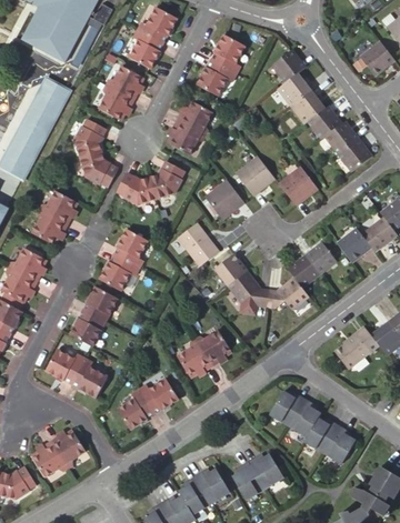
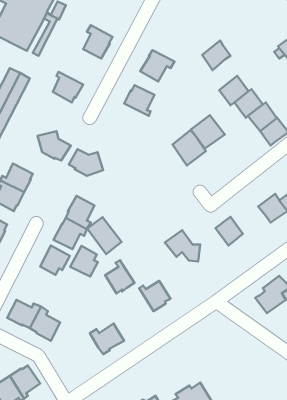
building: [141,8,181,44] -> none
building: [213,34,248,73] -> none
building: [103,66,141,100] -> none
building: [277,71,312,107] -> none
building: [73,121,106,160] -> none
building: [170,122,209,155] -> none
building: [149,162,184,200] -> none
building: [279,165,319,204] -> [191,115,225,149]
building: [204,178,244,218] -> none
building: [179,221,219,264] -> [87,217,122,254]
building: [304,242,336,274] -> none
building: [213,251,248,284] -> none
building: [267,276,309,309] -> none
building: [69,312,101,348] -> [70,246,98,276]
building: [180,338,214,376] -> [105,260,135,293]
building: [119,390,156,430] -> none
building: [270,390,358,460] -> none

